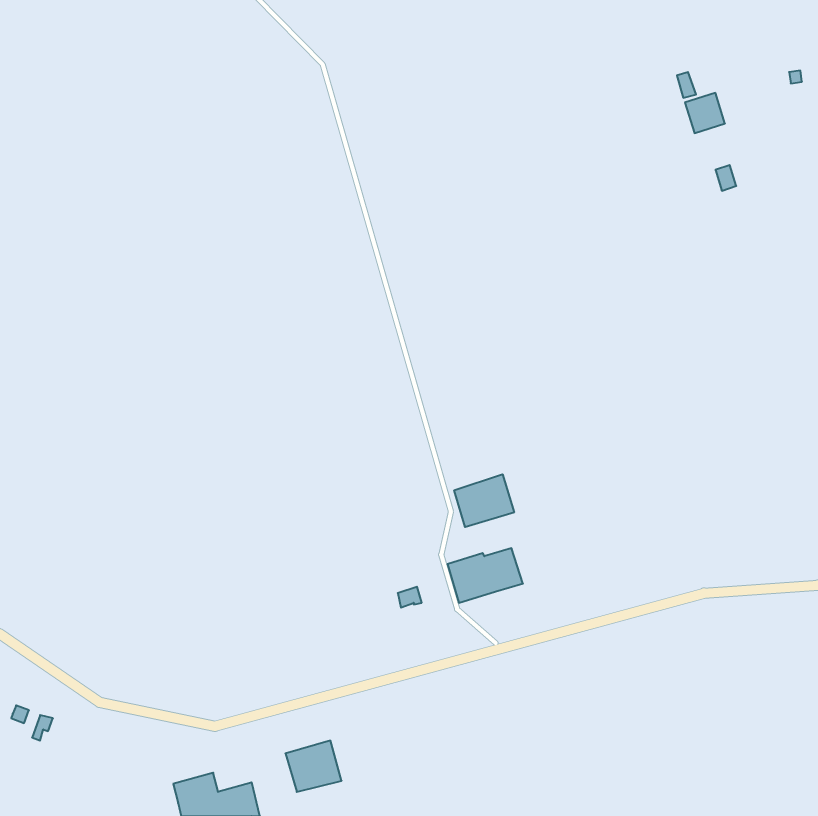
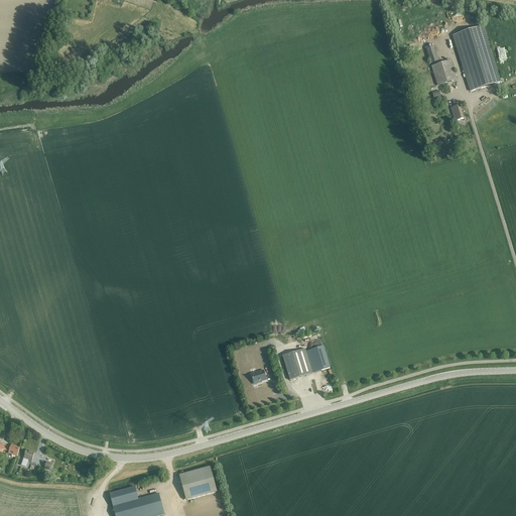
building: none -> [453,25,499,90]
building: [454,474,514,527] -> none

